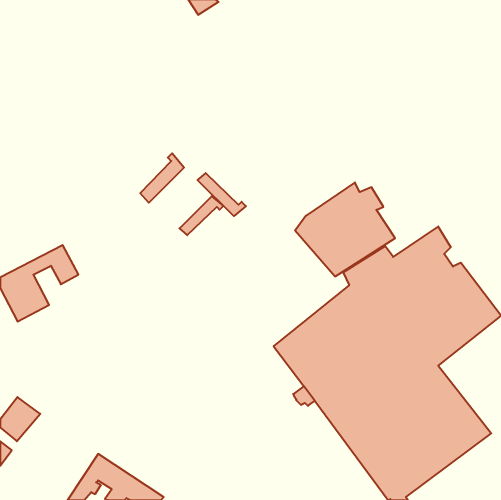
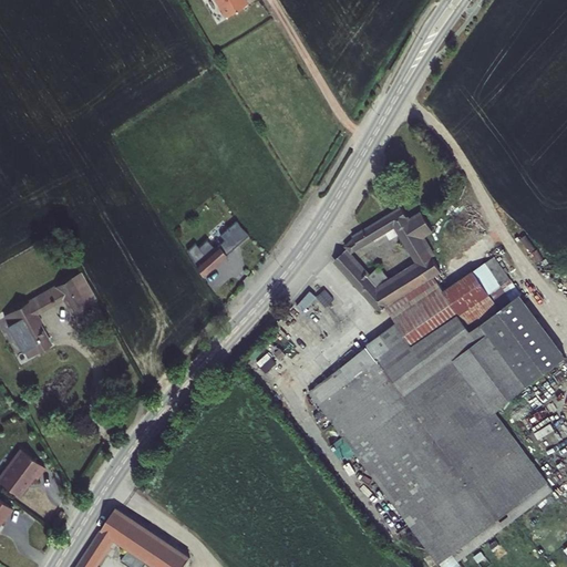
building: [140,153,184,203] -> none
building: [198,173,246,216] -> none

